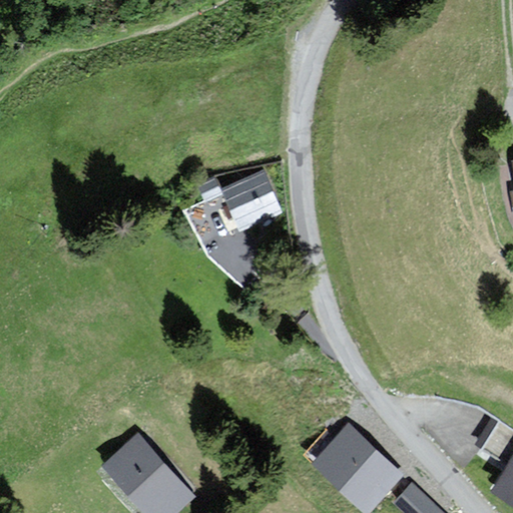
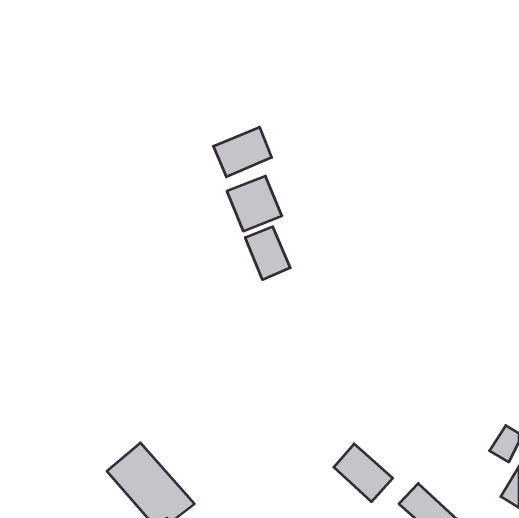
building: none -> [213,127,272,177]
building: none -> [245,227,290,280]

